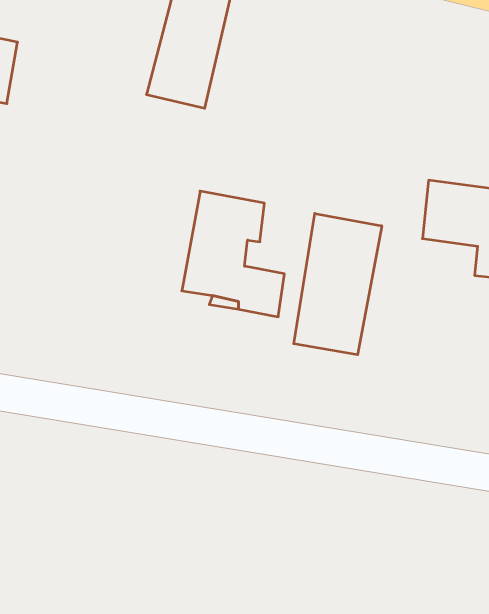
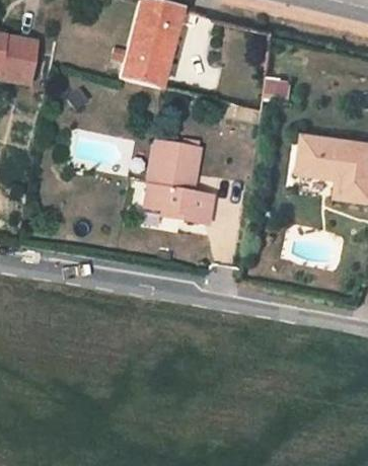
building: [294,213,382,355] -> none

